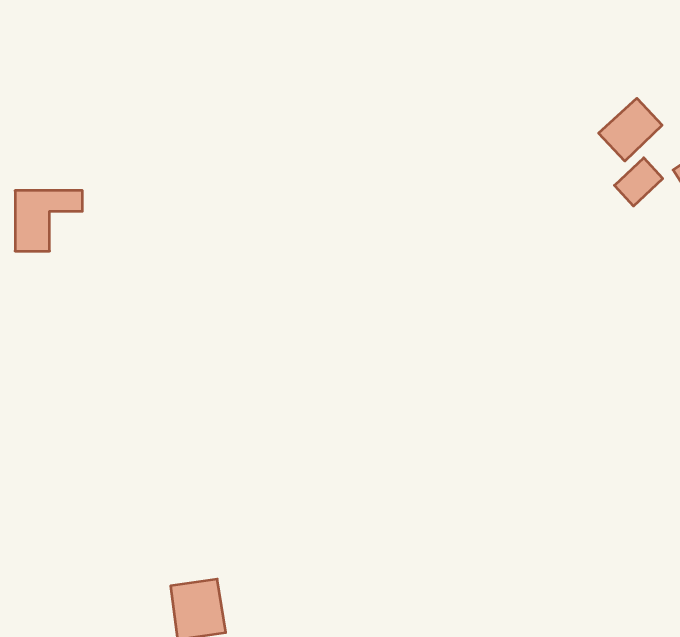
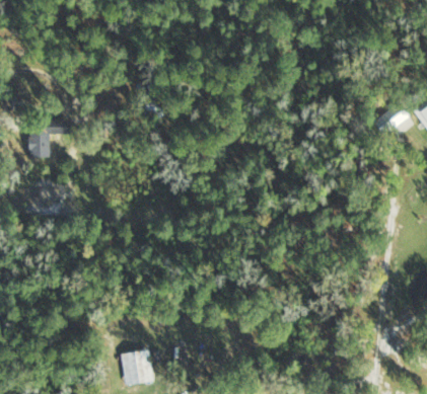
building: [599,98,662,161] -> none

